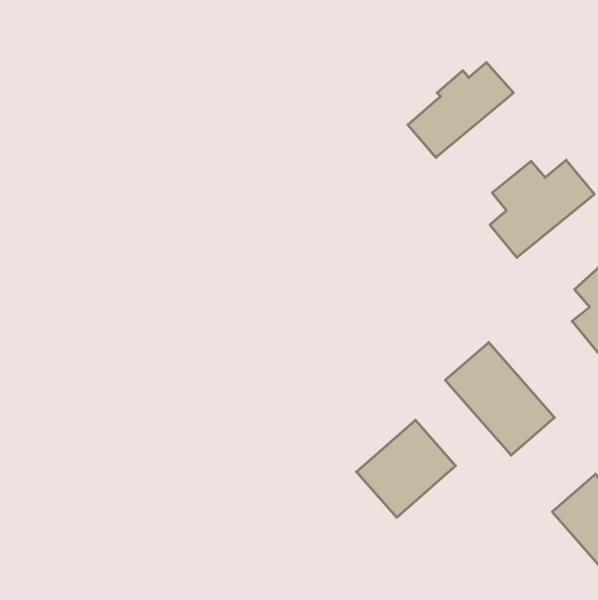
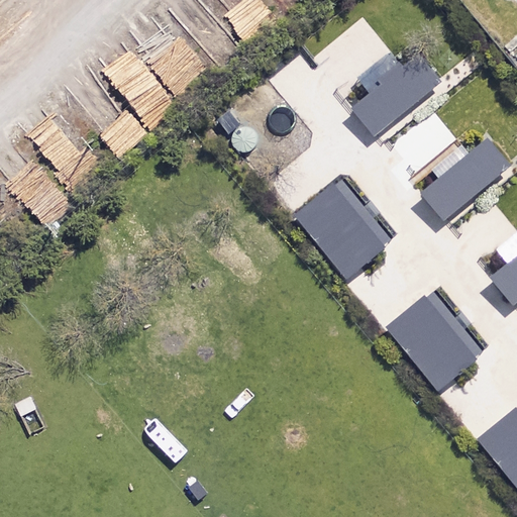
building: none -> [293,182,387,279]
building: [356,420,456,517] -> none

